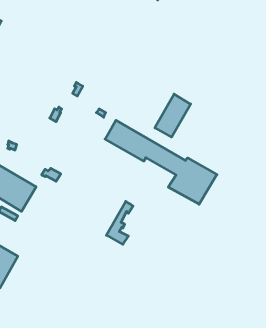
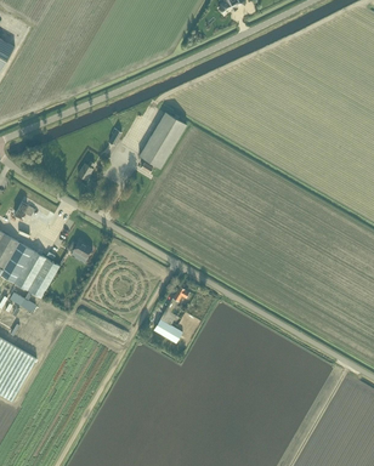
building: [155,94,191,137] -> [138,109,186,166]
building: [105,120,217,204] -> none

